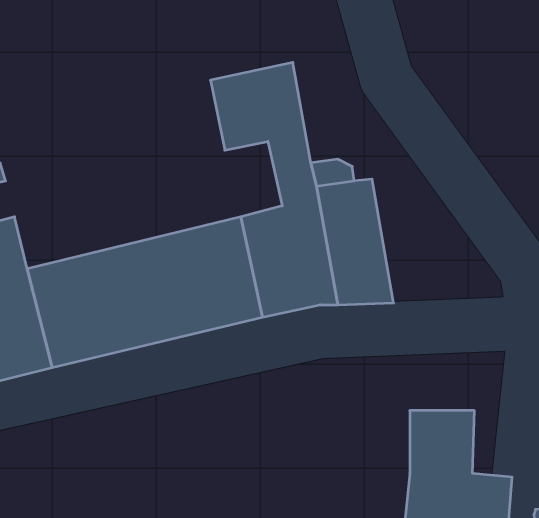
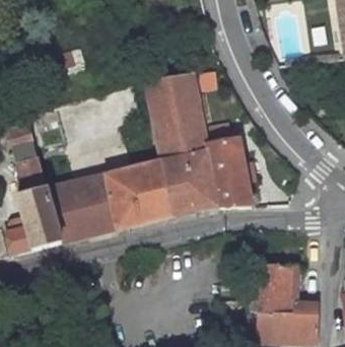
building: none -> [156,115,189,157]

